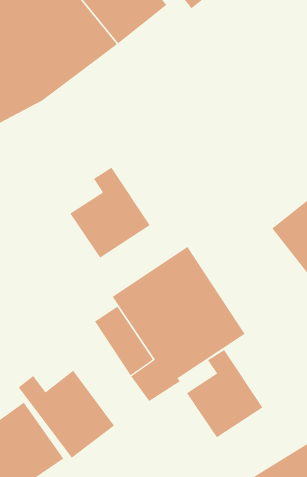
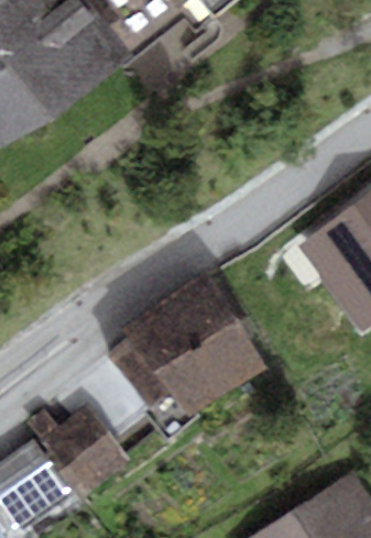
building: [69,167,151,259] -> none
building: [186,349,263,438] -> none

